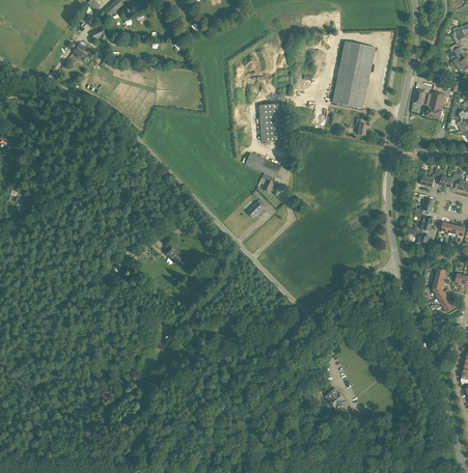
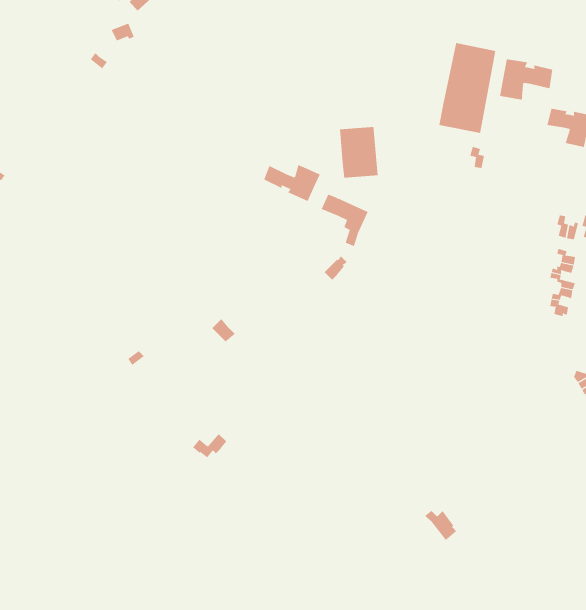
building: none -> [499,58,553,101]
building: none -> [263,164,320,202]

